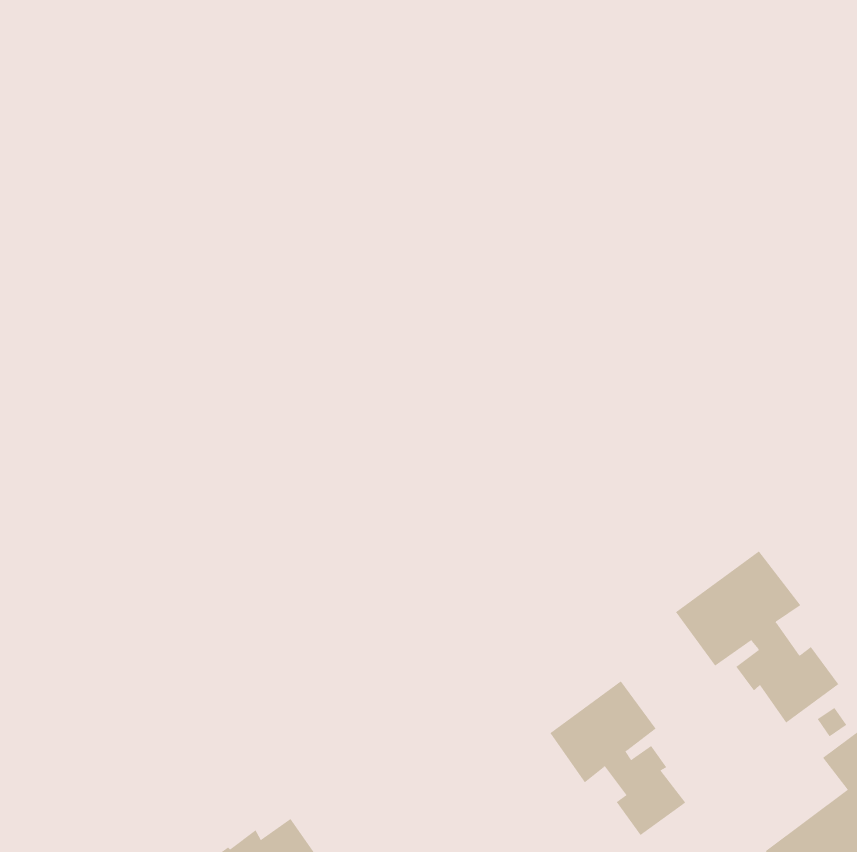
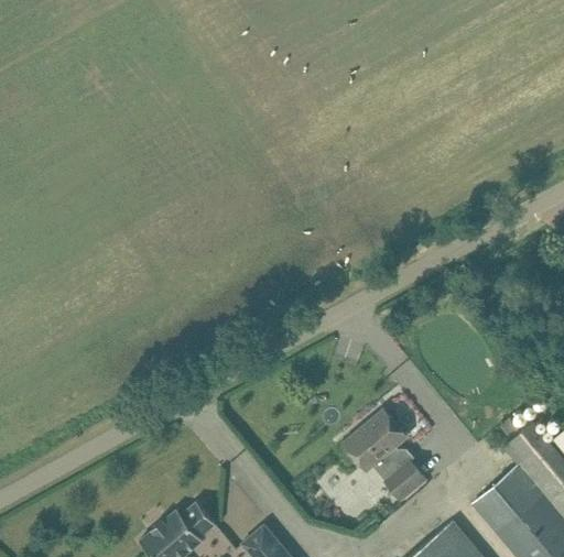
building: [675,551,839,724] -> none

